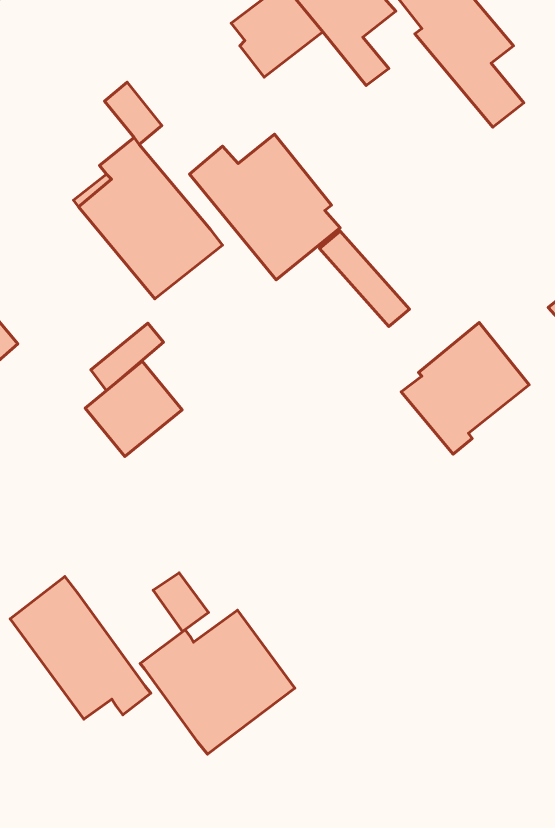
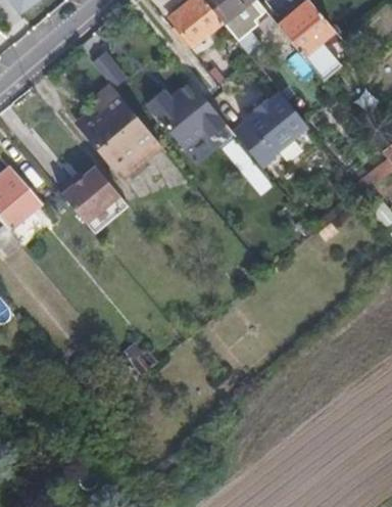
building: [401,322,529,454] -> [233,90,308,168]
building: [85,361,182,457] -> [62,165,119,221]
building: [10,577,151,719] -> none
building: [140,610,295,754] -> none

